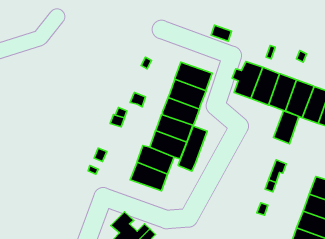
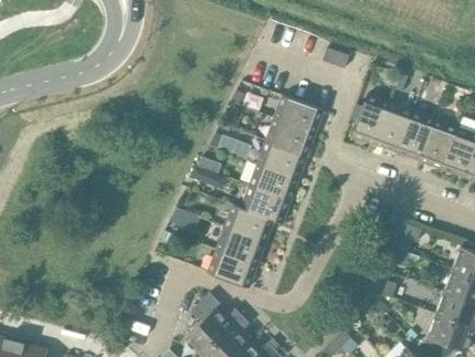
building: [273,111,299,144] -> none
building: [178,126,207,171] -> none
building: none -> [208,251,257,288]

